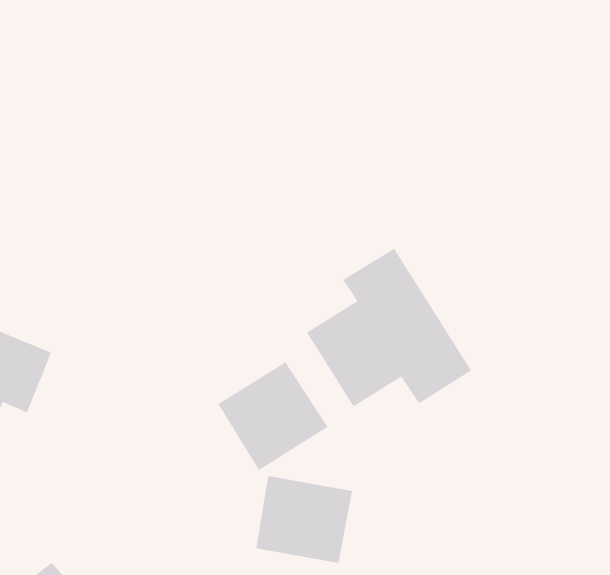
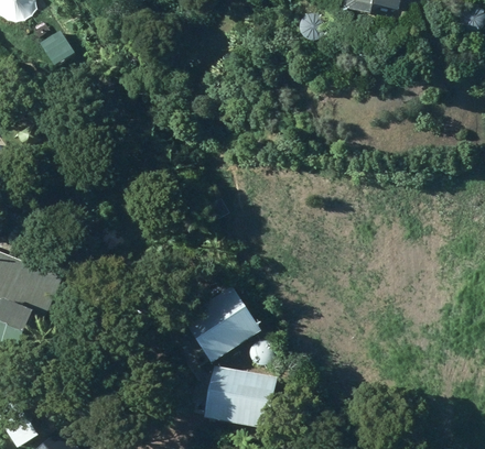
building: [306,248,472,407] -> none

